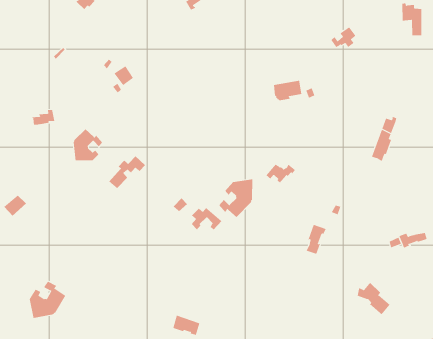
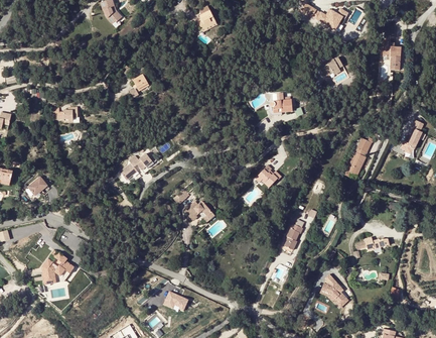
building: [73,128,103,161] -> none
building: [219,178,253,218] -> none

